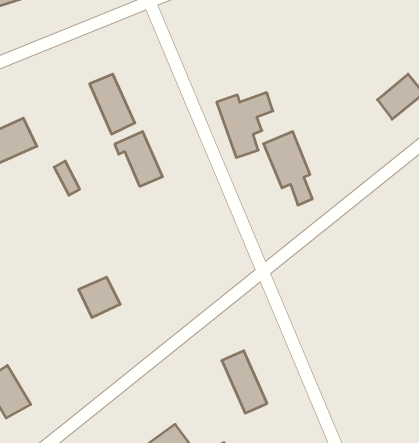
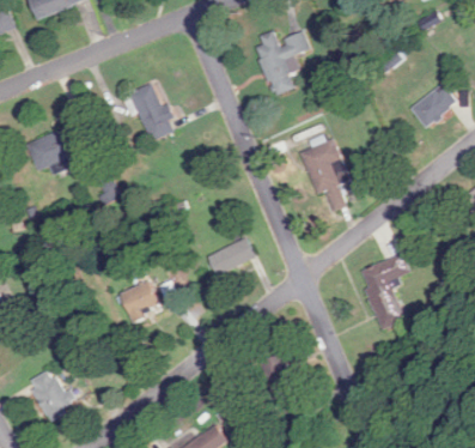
building: [217,93,273,157] -> [252,31,307,95]
building: [115,131,162,186] -> none
building: none -> [207,238,254,276]
building: none -> [359,254,409,331]

